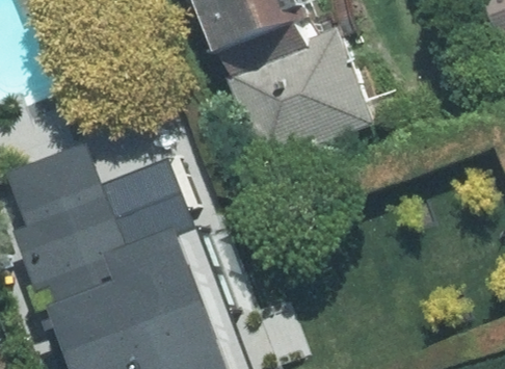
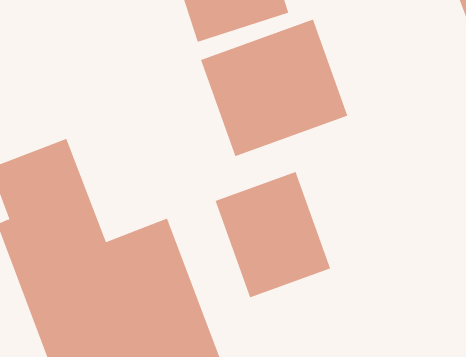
building: none -> [215,171,331,298]

